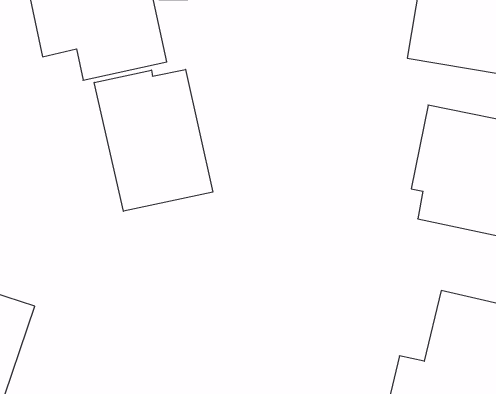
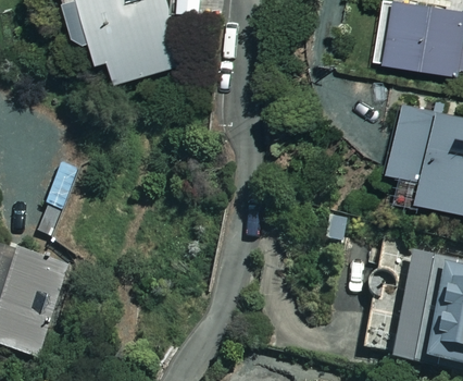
building: [94,69,213,211] -> none

